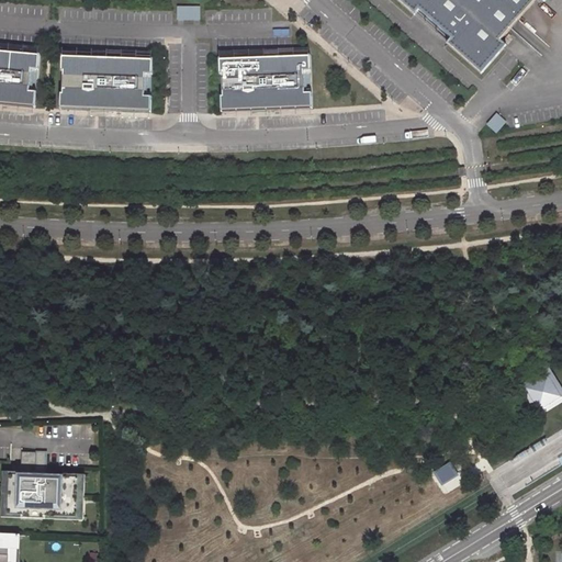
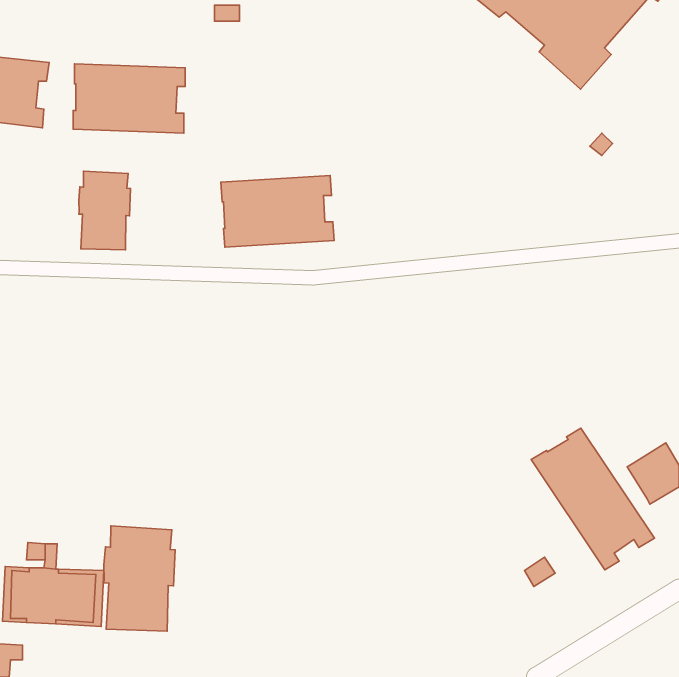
building: [218,50,312,110] -> [221,175,334,247]
building: none -> [79,171,131,250]
building: none -> [531,428,654,570]
building: none -> [104,526,175,631]

